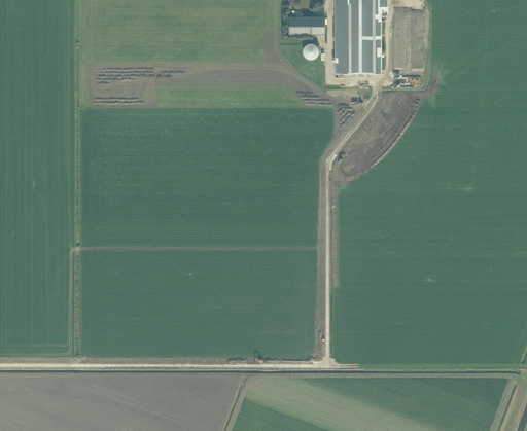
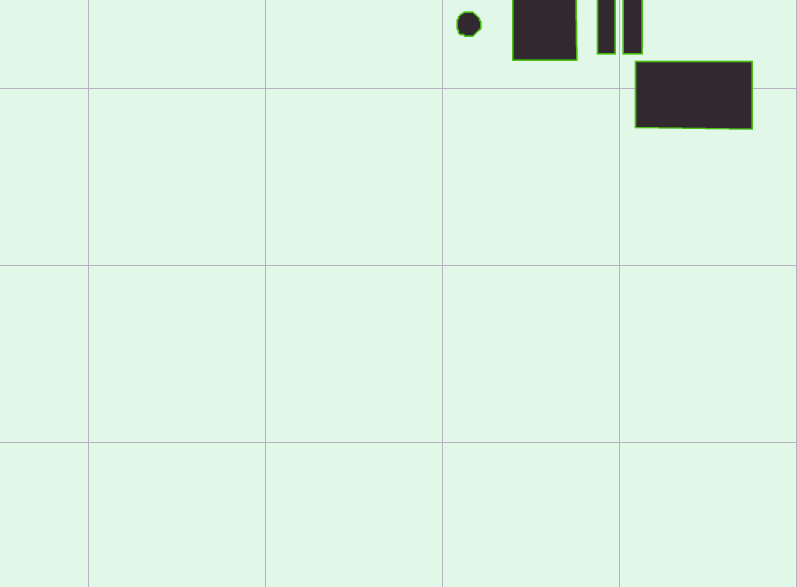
building: none -> [635,61,752,129]

